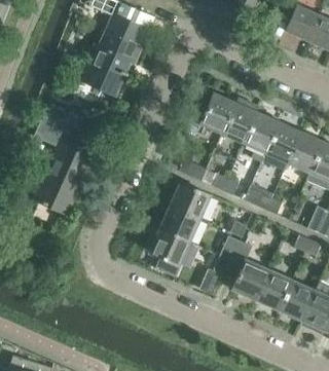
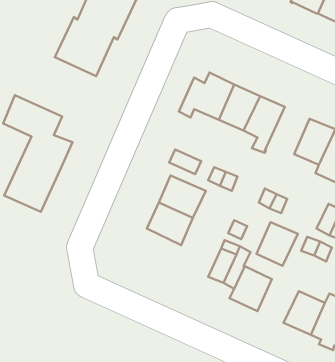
building: [263,122,302,171] -> none
building: [149,228,190,277] -> none
building: [257,272,293,310] -> [257,222,298,266]

